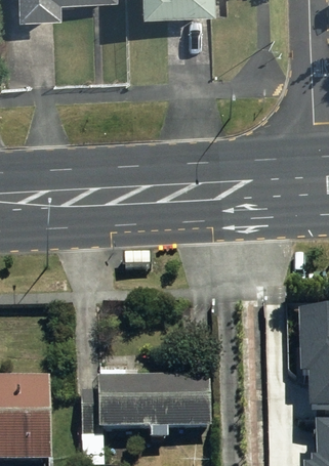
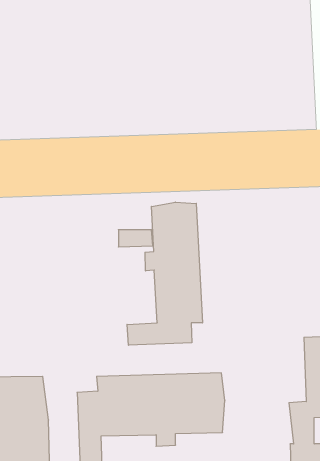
building: none -> [127,202,202,345]

